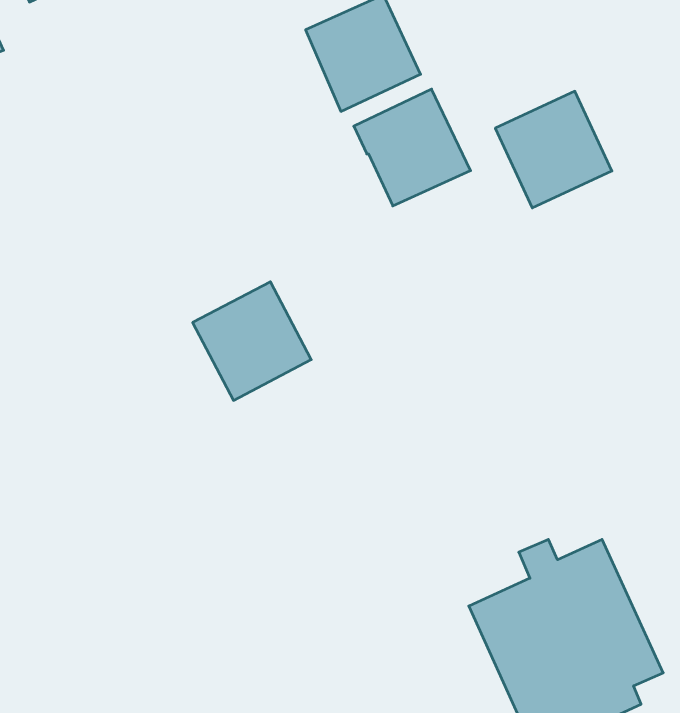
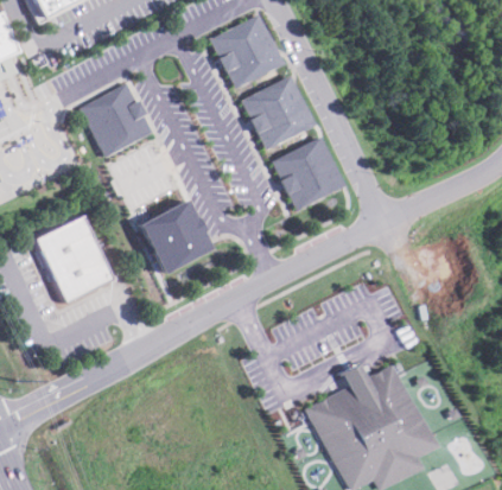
building: [495,91,612,208] -> [273,136,348,211]
building: none -> [78,83,152,158]
building: none -> [34,216,114,304]

